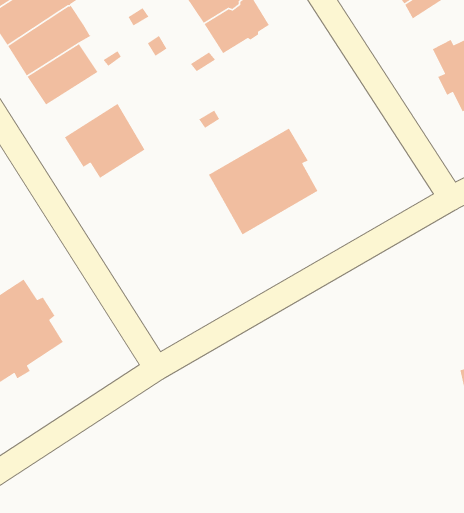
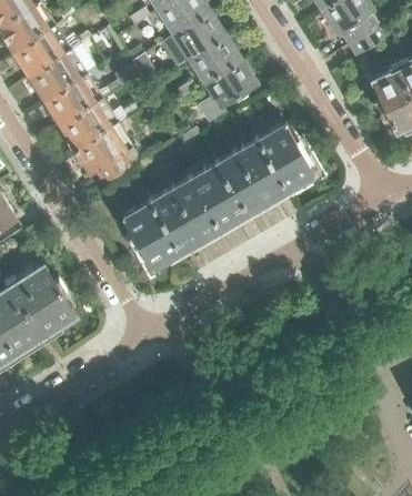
building: none -> [198,62,257,125]
building: none -> [61,100,138,153]
building: none -> [257,123,314,195]
building: none -> [121,182,219,270]

